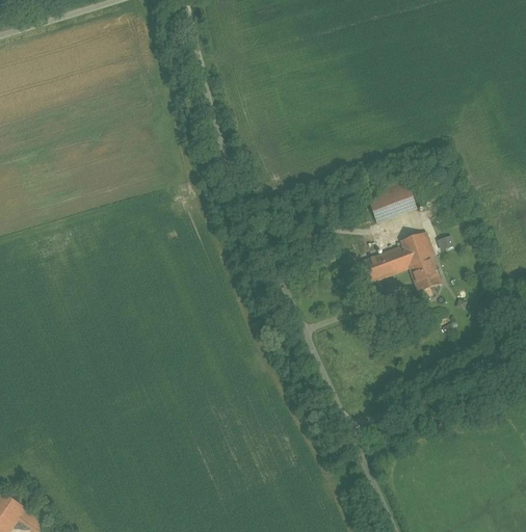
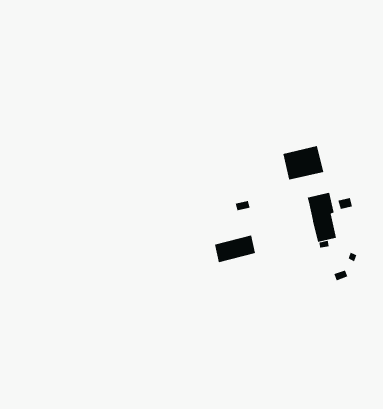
building: [360,246,410,284] -> [214,235,256,263]

